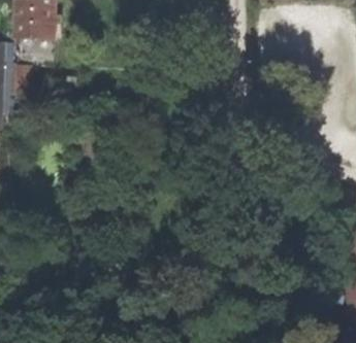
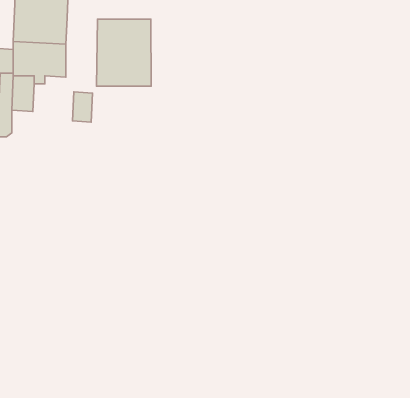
building: none -> [97,19,151,86]

